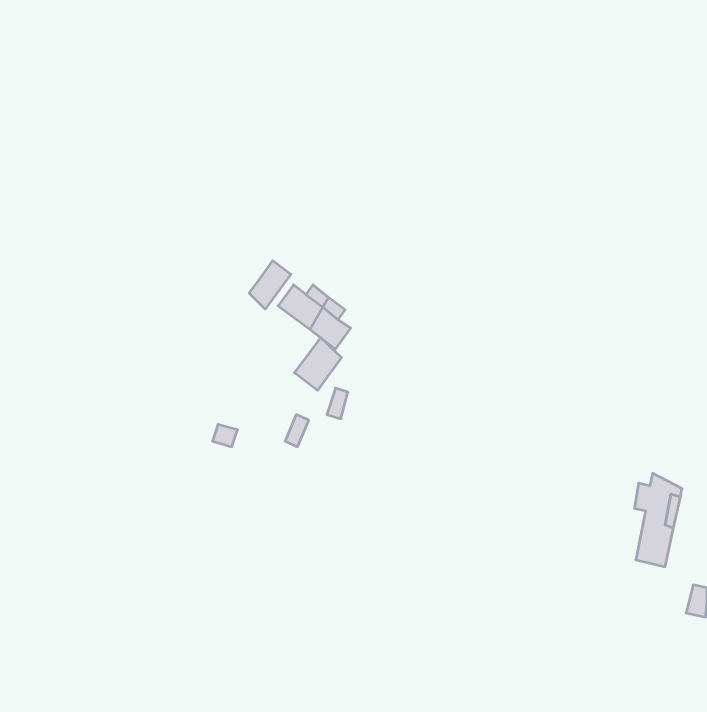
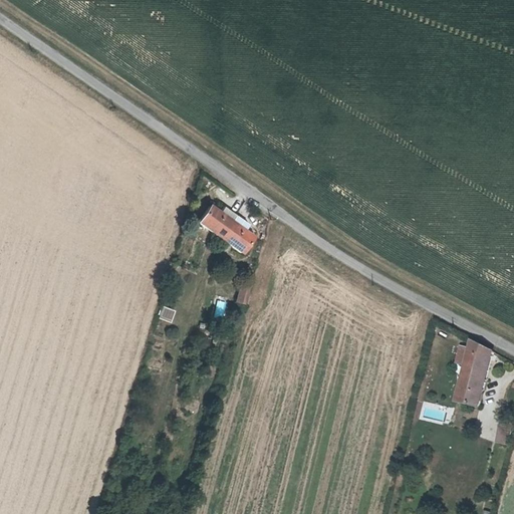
building: [249,261,291,309] -> none
building: [294,338,341,390] -> none

